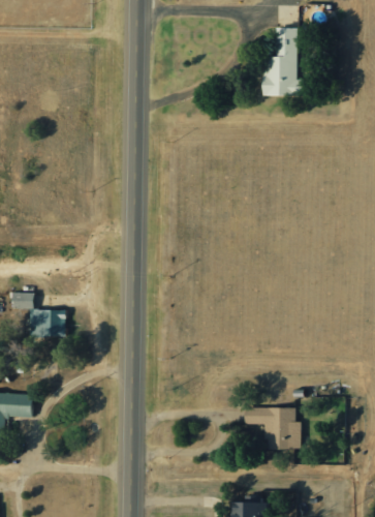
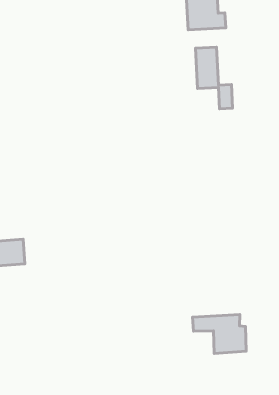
building: none -> [195,47,233,109]

